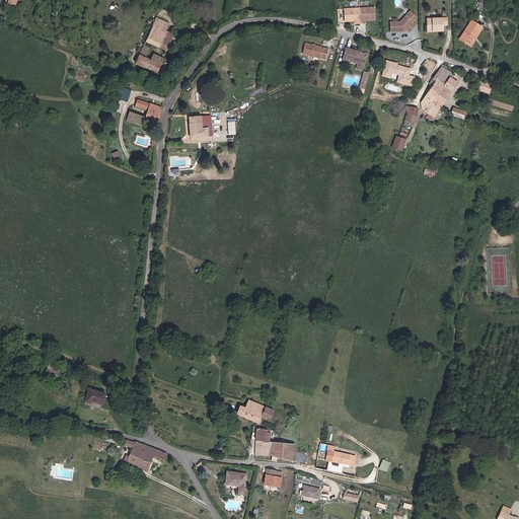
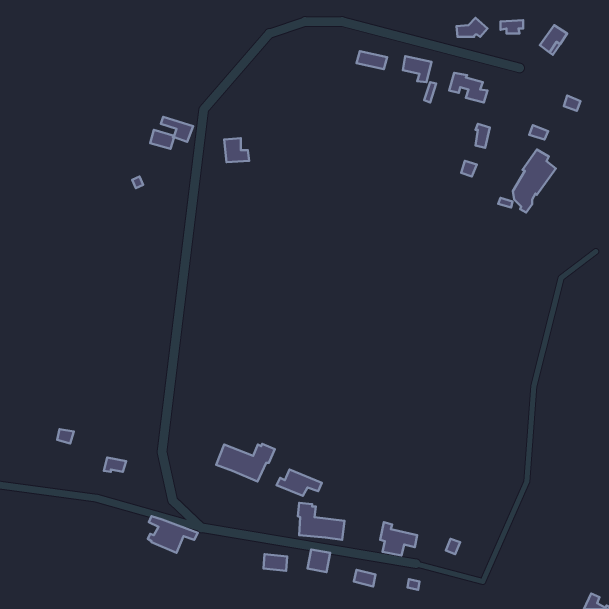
building: [343,7,374,23] -> none
building: [147,19,174,50] -> none
building: [136,47,165,72] -> none
building: [421,66,457,120] -> [513,149,556,213]
building: none -> [216,444,275,482]

